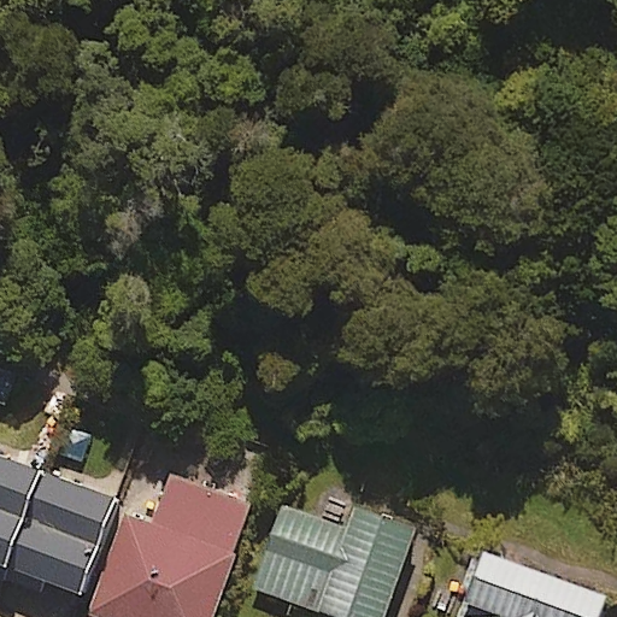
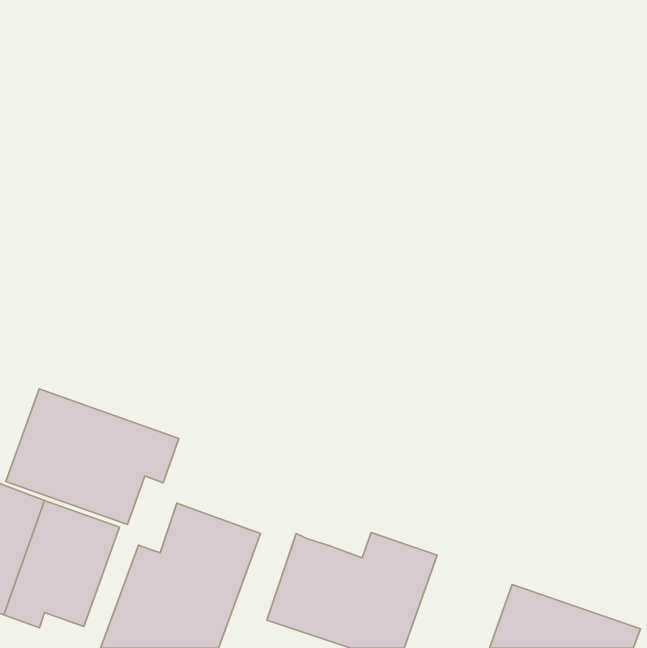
building: none -> [6,389,179,525]

